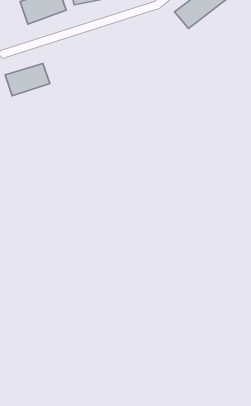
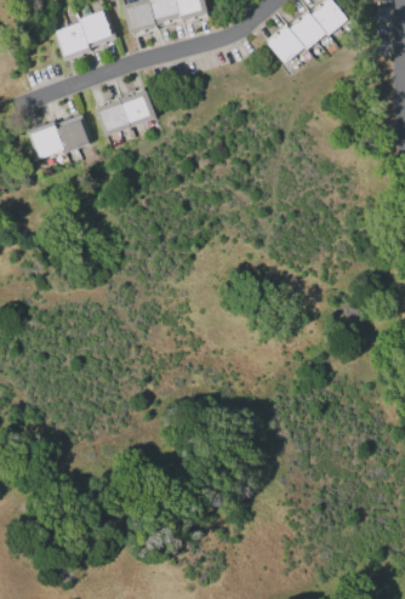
building: none -> [96,89,158,135]

